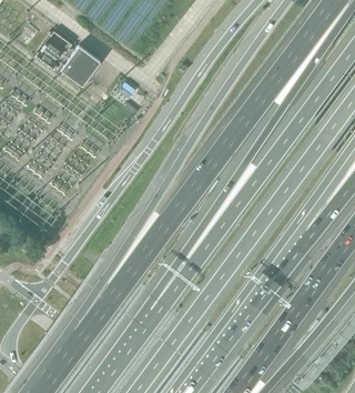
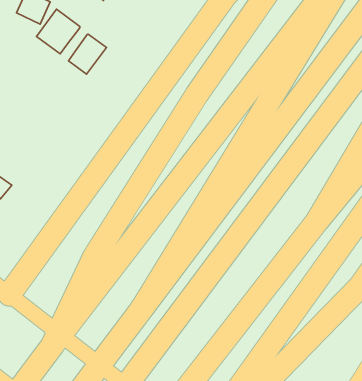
building: none -> [68,34,106,74]

